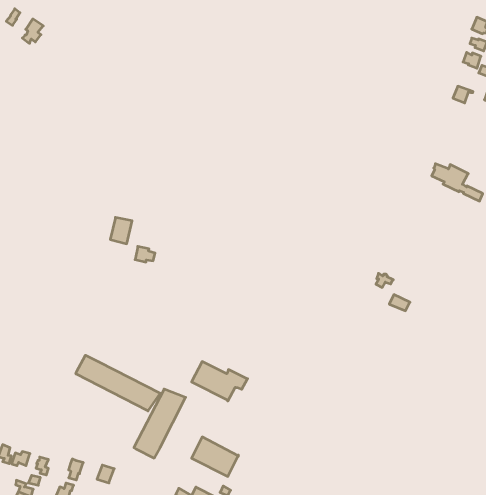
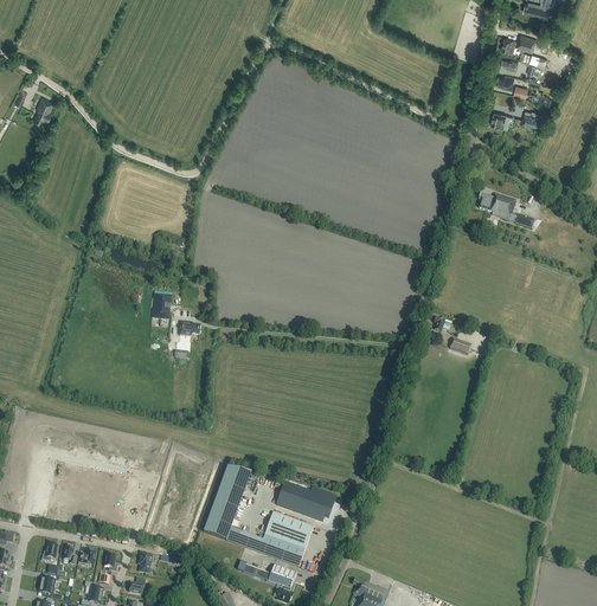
building: [76,355,160,411] -> none
building: [192,362,248,401] -> [276,482,334,520]

